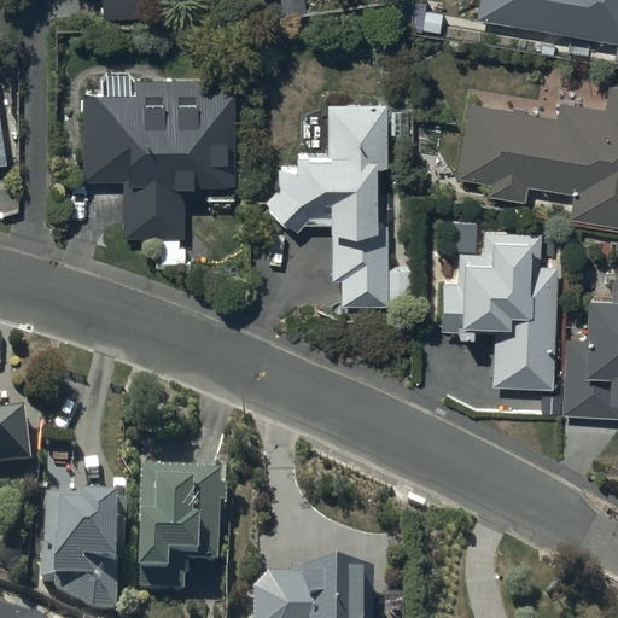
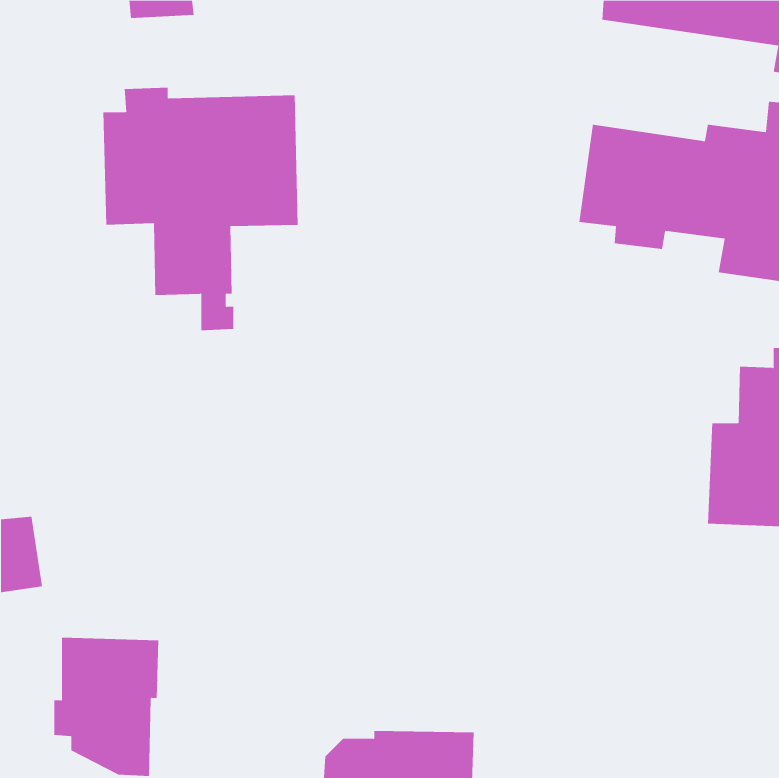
building: [266,104,390,307] -> none
building: [441,232,554,386] -> none
building: [142,477,229,596] -> none

